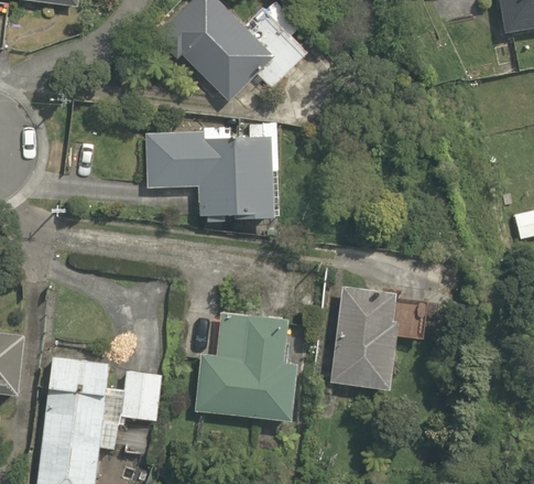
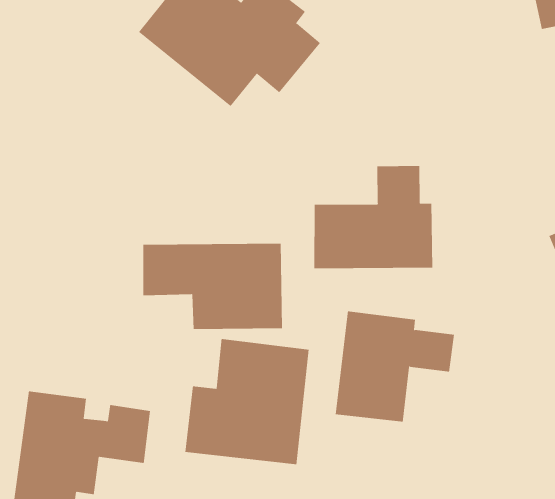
building: [152,139,275,215] -> [143,243,283,330]
building: none -> [314,165,433,269]

